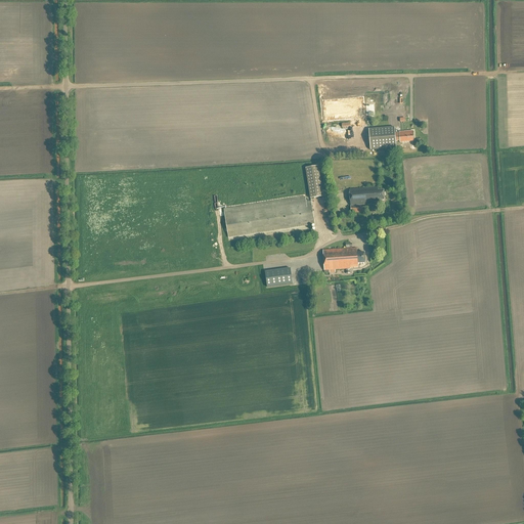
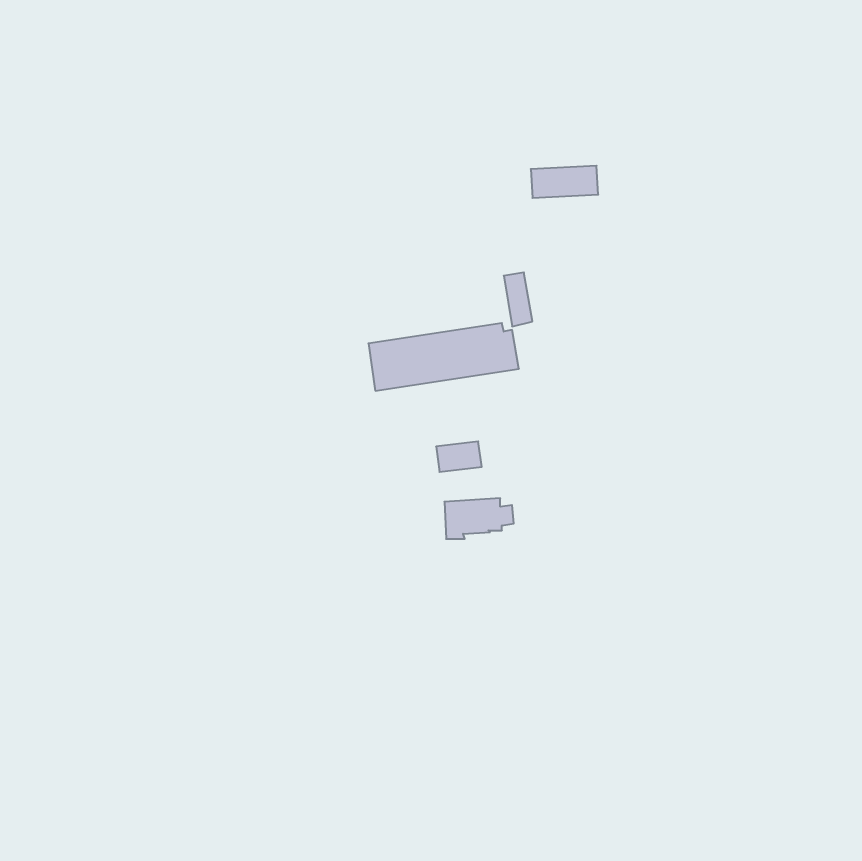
building: [367,126,412,149] -> none
building: [348,184,384,212] -> none
building: [322,247,364,271] -> [444,498,514,539]

